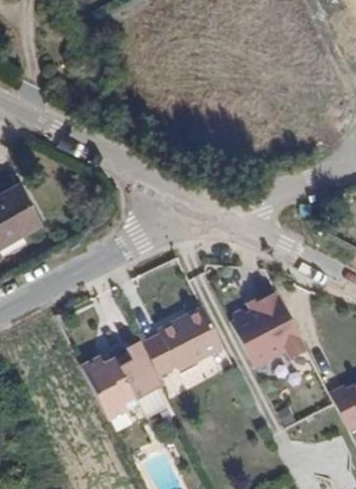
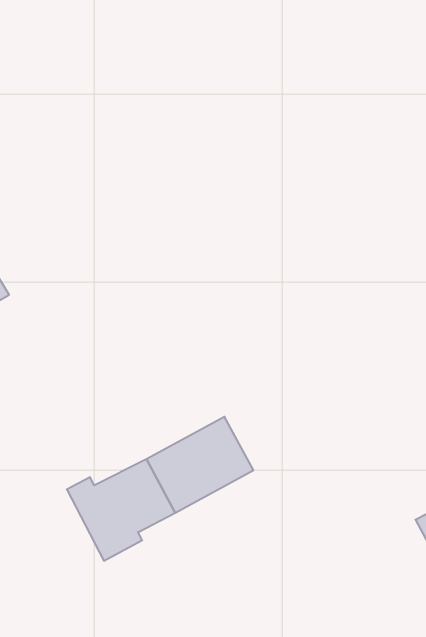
building: [224,291,303,366] -> none

